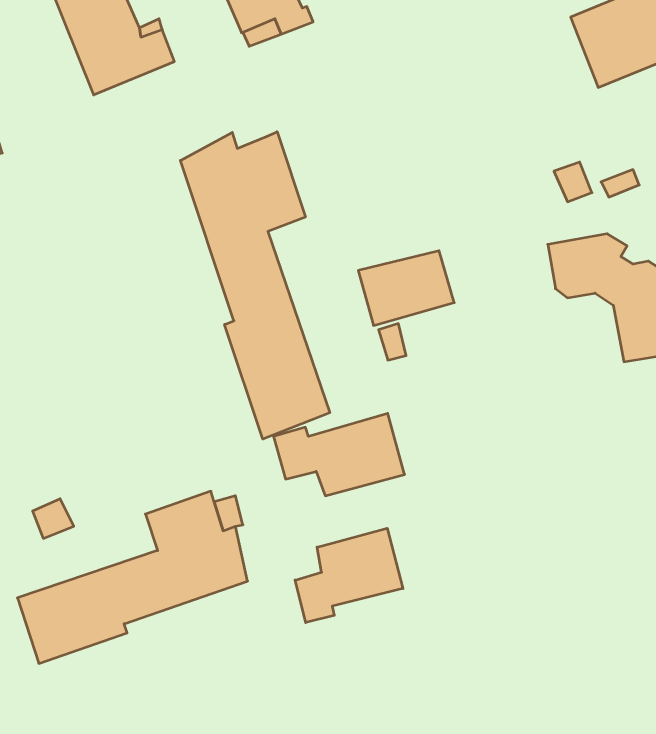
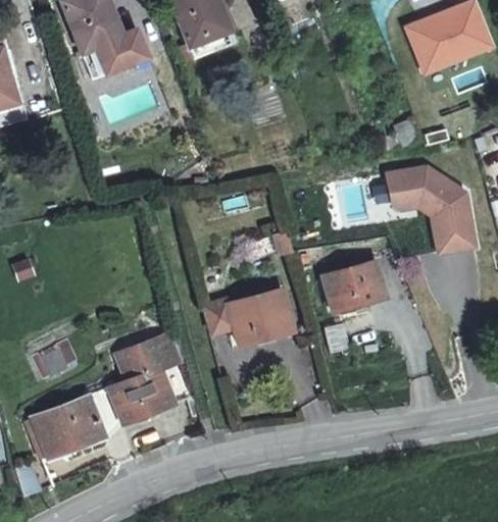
building: [180,132,330,439] -> none
building: [358,251,454,325] -> [323,263,388,313]
building: [295,528,403,623] -> none

